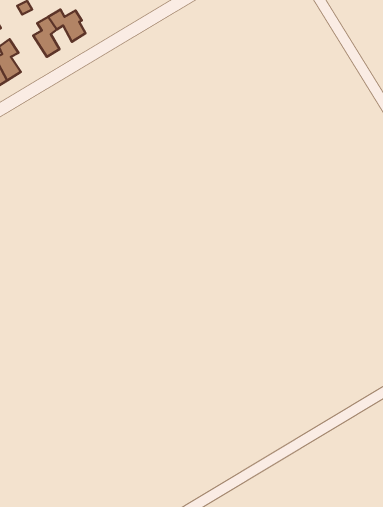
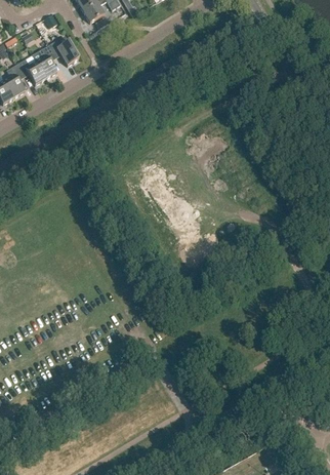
building: none -> [16,58,47,84]

